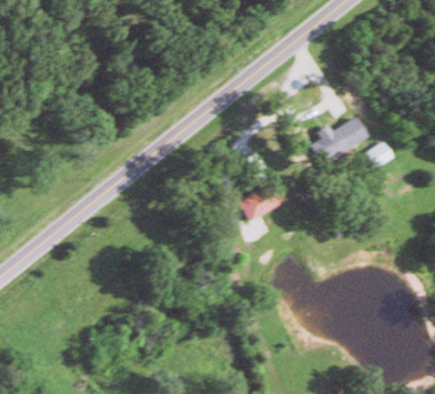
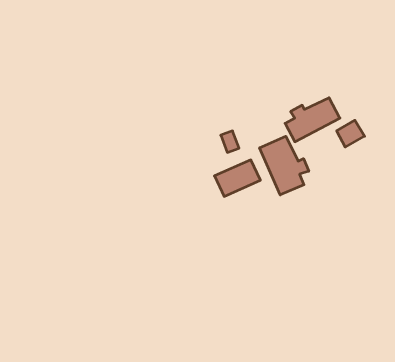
building: none -> [260,136,309,195]

